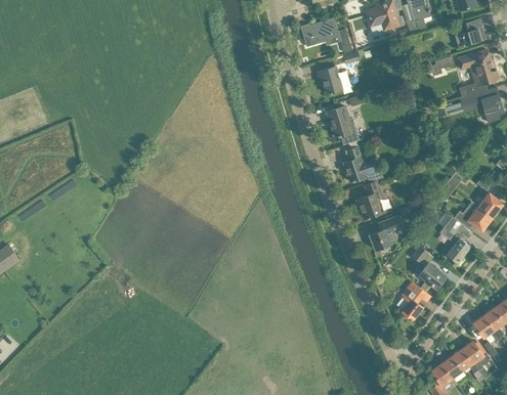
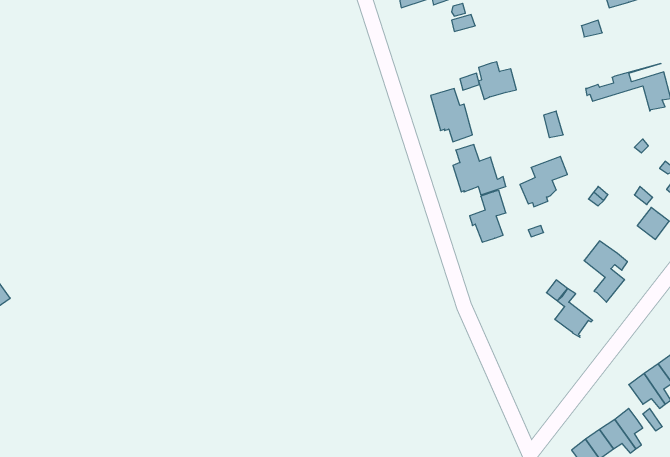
building: [458,49,498,96] -> none
building: [323,65,350,93] -> [479,62,516,99]
building: [457,203,493,230] -> none
building: [370,214,405,251] -> [520,156,567,207]
building: [403,280,431,320] -> none

